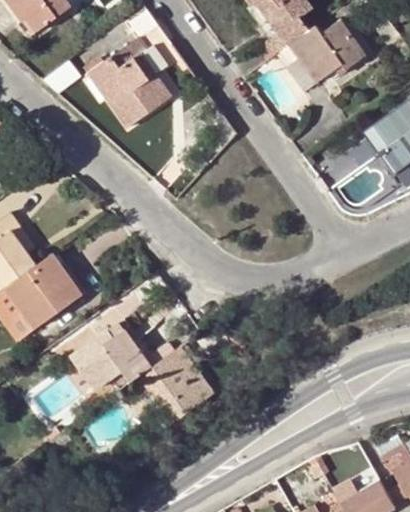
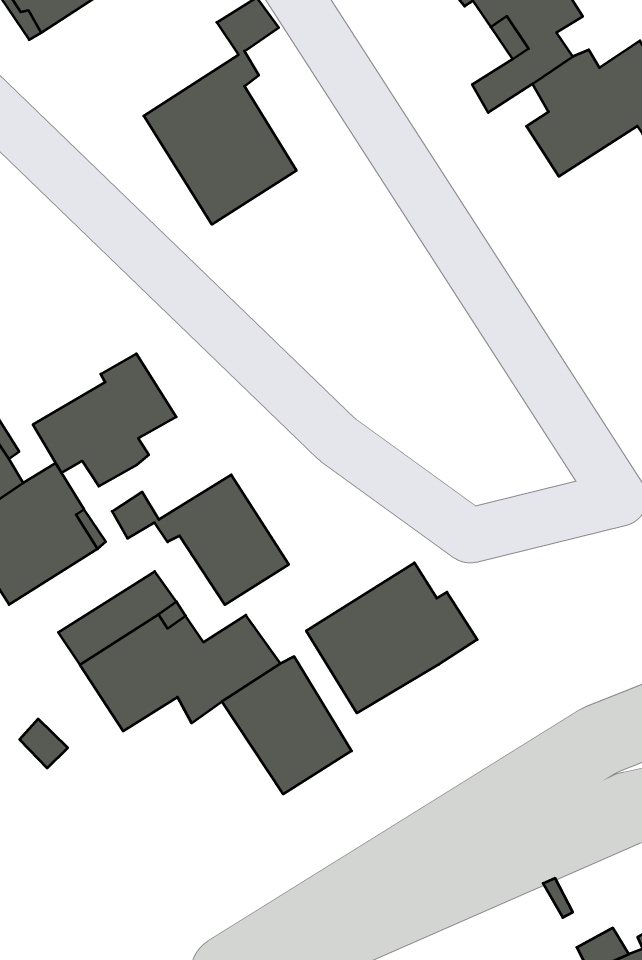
building: none -> [33,354,176,486]
building: none -> [112,475,289,605]
building: none -> [306,563,477,713]

